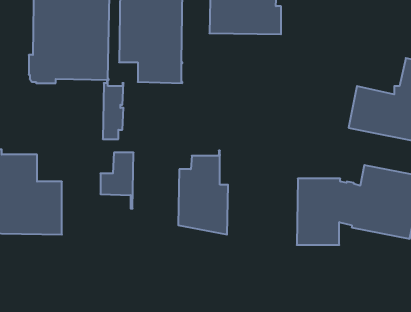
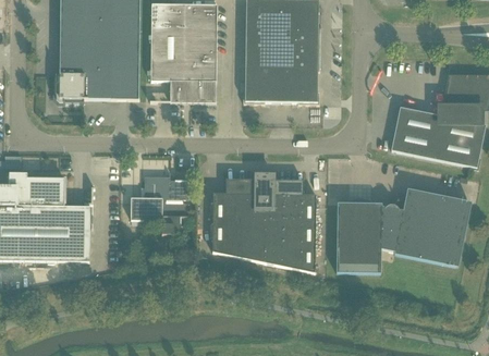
building: none -> [243,50,320,103]
building: [103,80,124,139] -> [164,172,186,234]
building: none -> [256,173,316,272]

